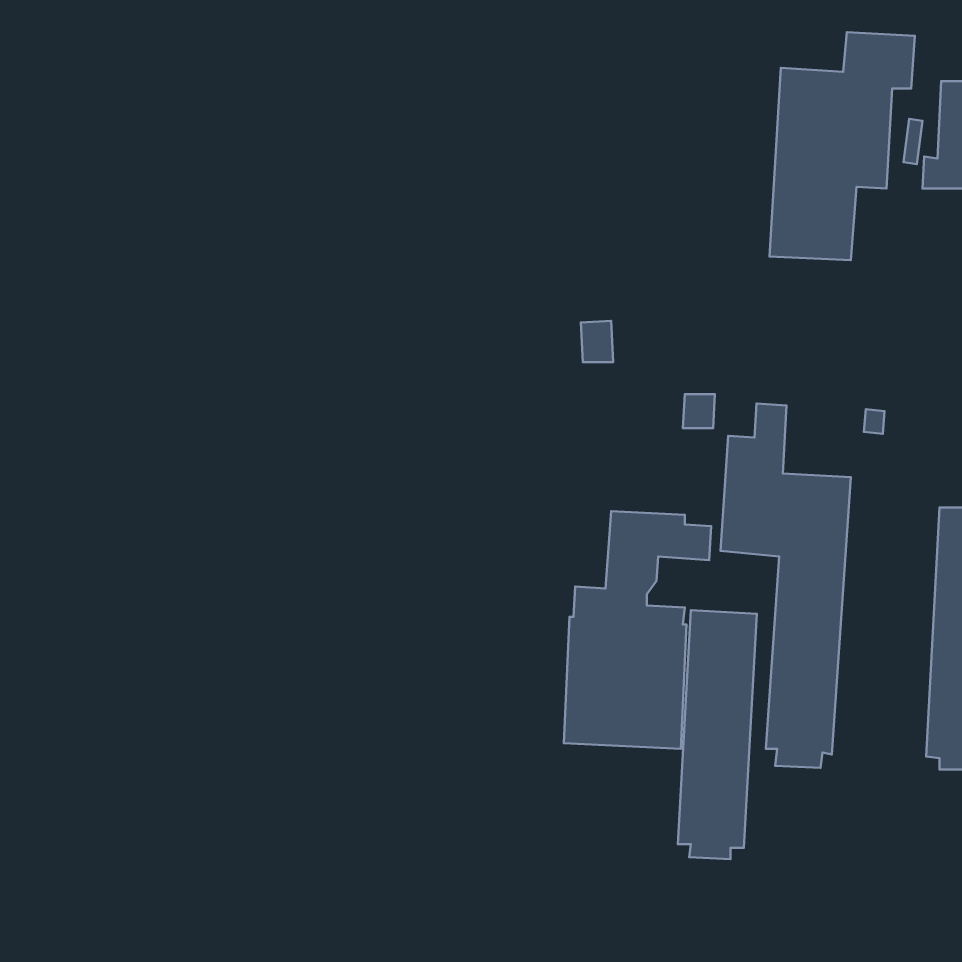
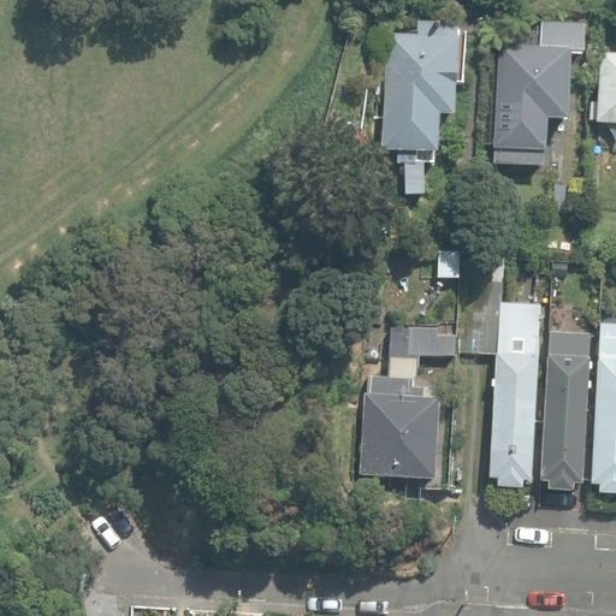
building: none -> [383,16,463,189]
building: [678,610,757,859] -> [540,331,591,490]

